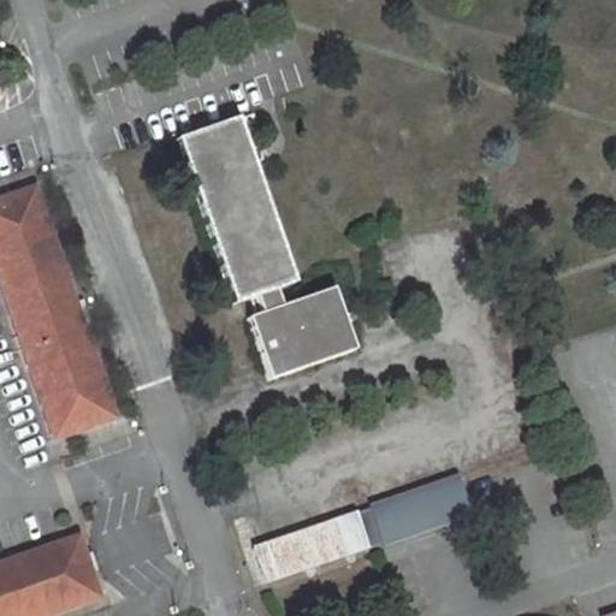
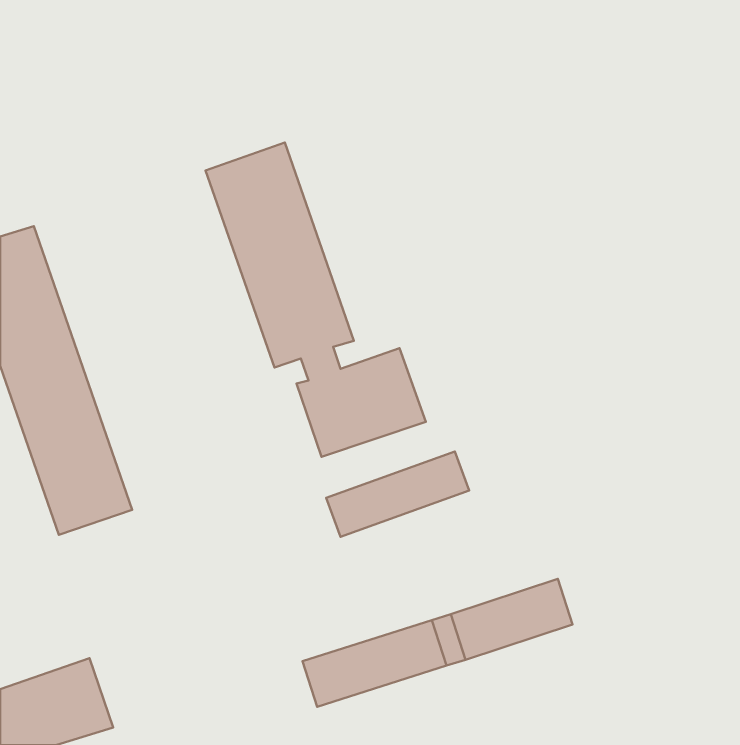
building: none -> [326,452,469,537]

